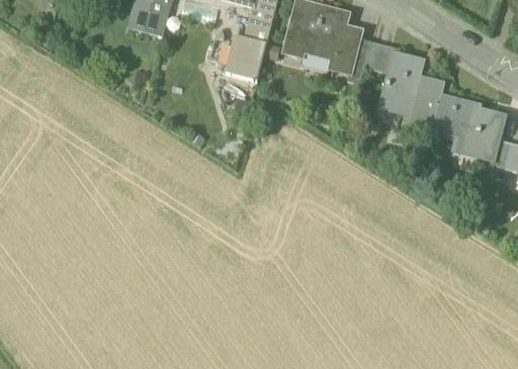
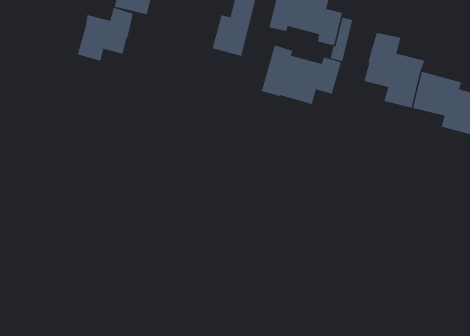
building: none -> [77,7,134,61]
building: [364,41,397,73] -> none
building: none -> [261,44,341,105]

